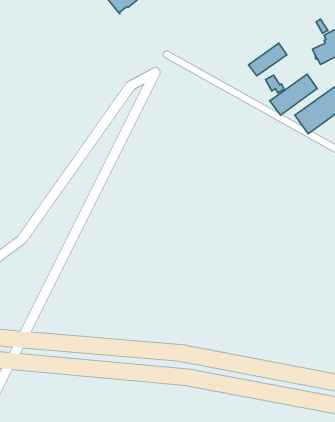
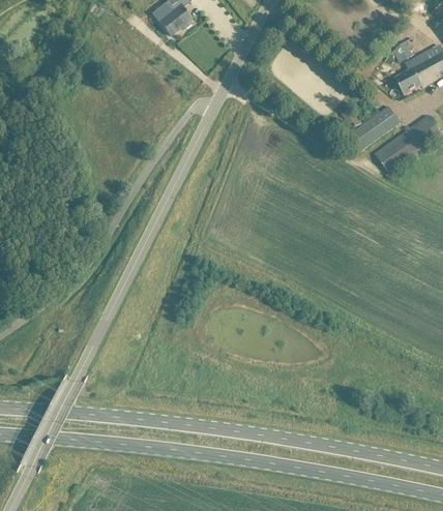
building: [249,43,287,76] -> none

